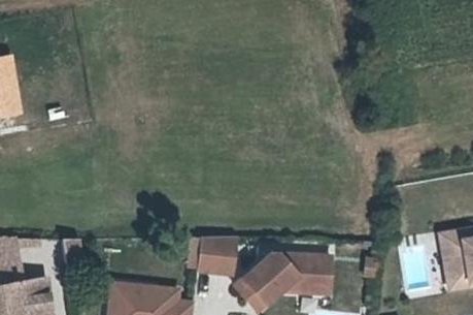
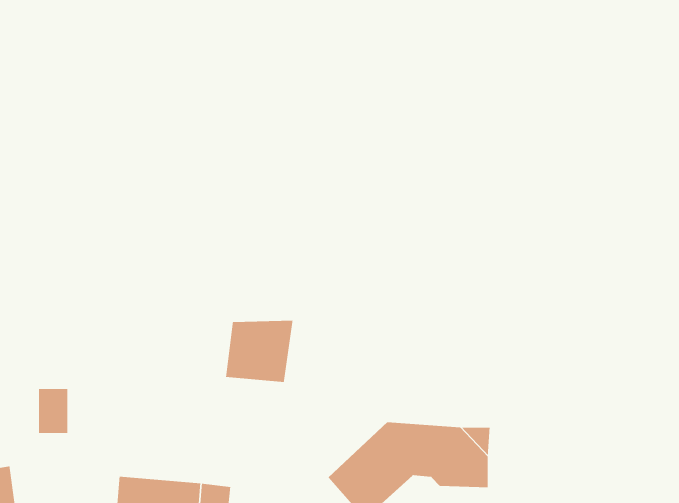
building: [195,235,235,273] -> [225,320,293,383]

